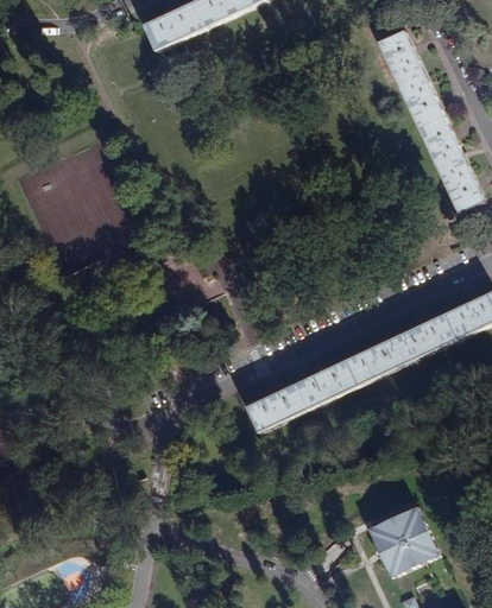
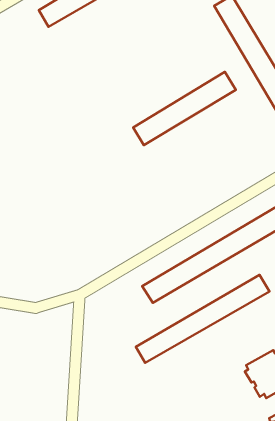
building: none -> [133,72,236,145]
building: none -> [136,275,269,363]

